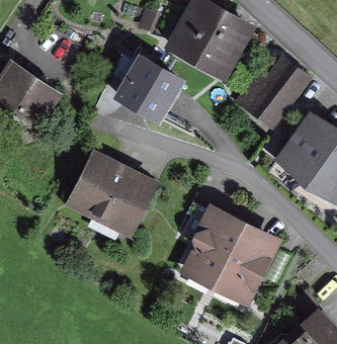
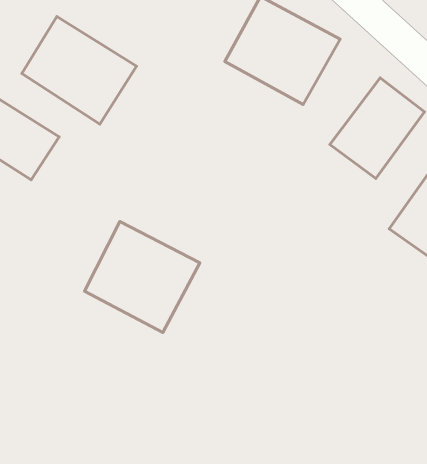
building: none -> [22,17,137,124]
building: [121,63,180,120] -> none
building: [186,217,273,300] -> none

